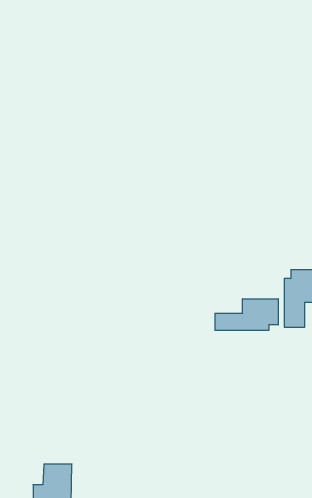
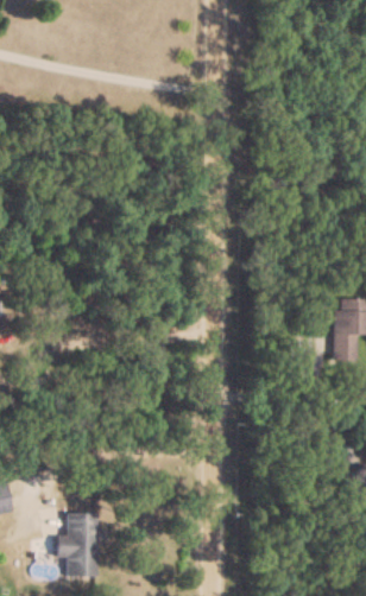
building: [215,299,278,330] -> none

